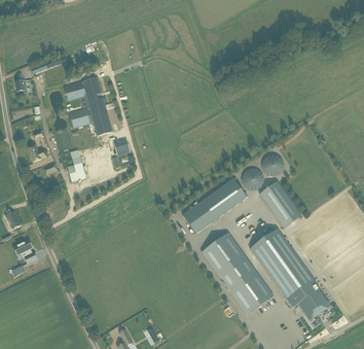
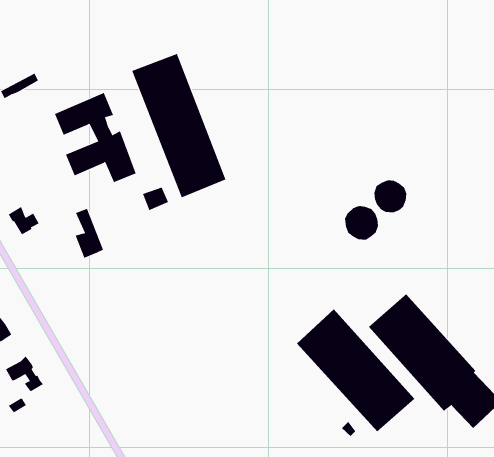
building: none -> [131,53,226,198]
building: [182,178,247,224] -> none
building: [260,181,301,228] -> none

